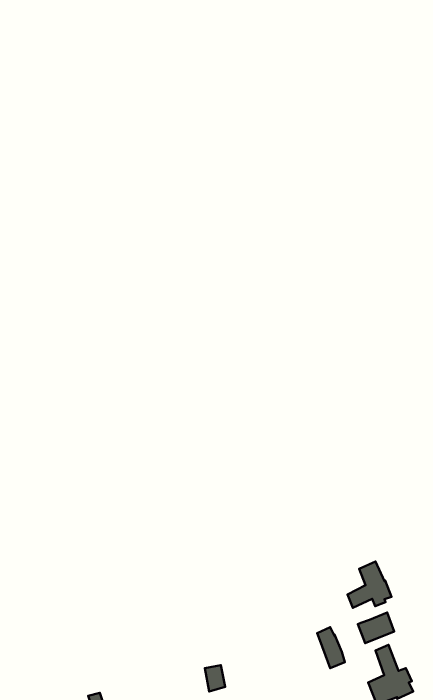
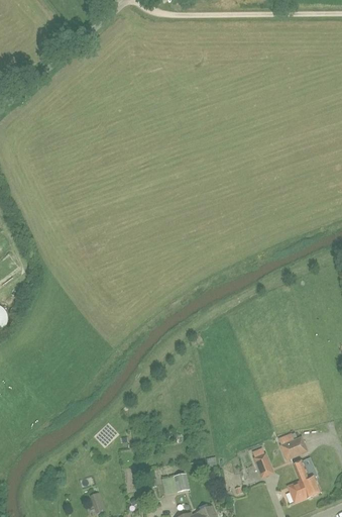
building: [348,561,391,608] -> none

